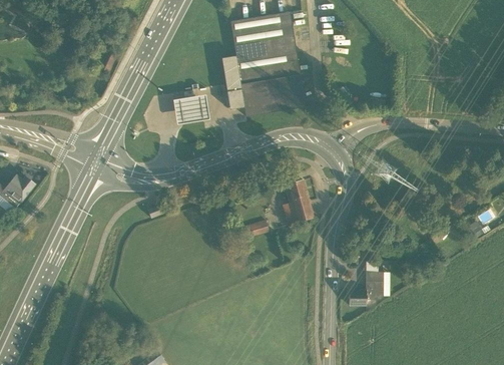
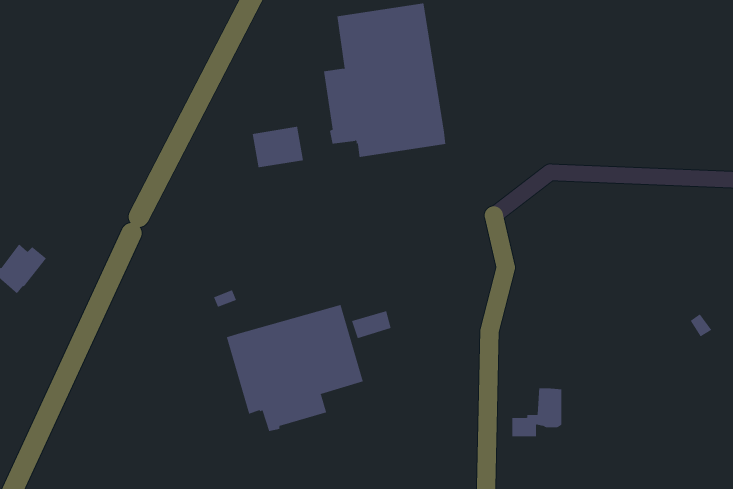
building: [283,178,314,224] -> none
building: none -> [226,304,363,432]

